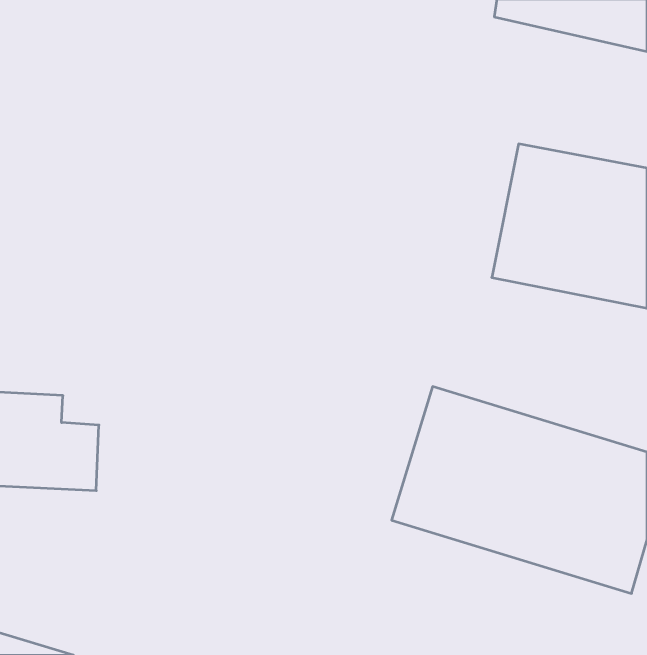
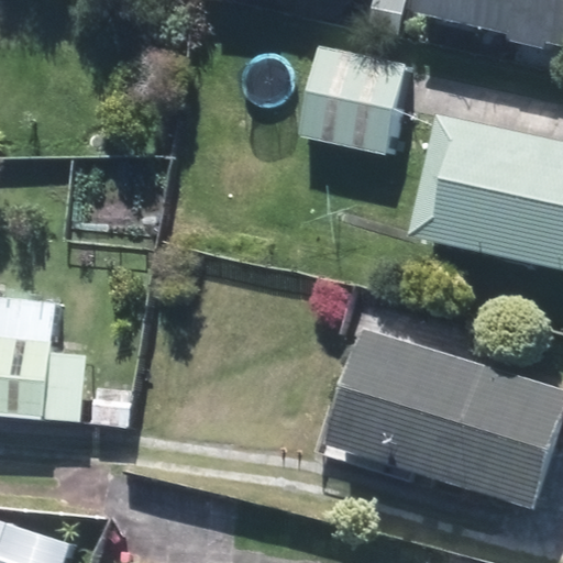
building: none -> [305,48,405,153]

